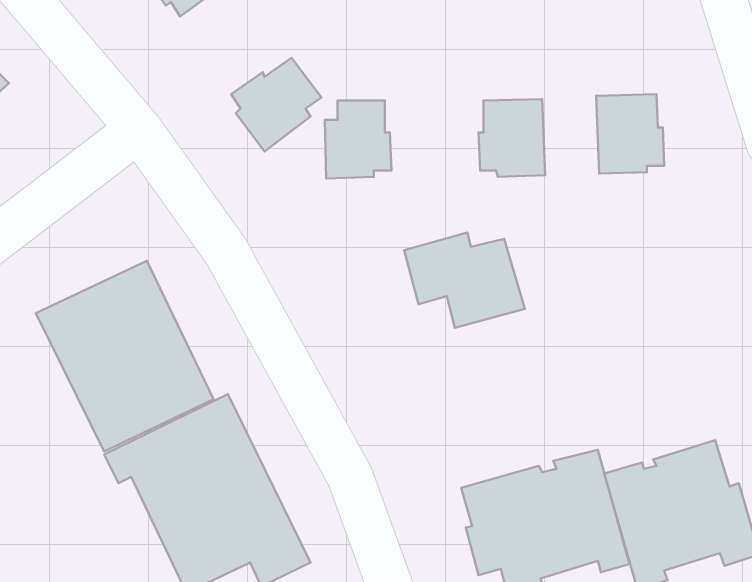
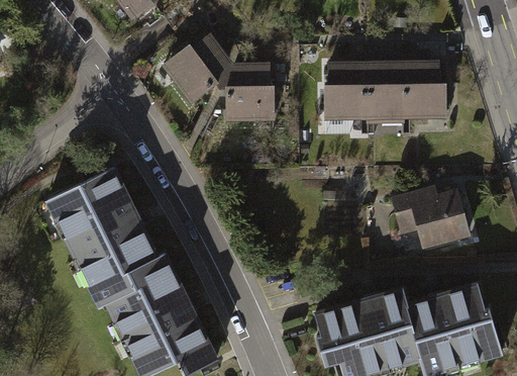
building: none -> [367,64,403,114]
building: [404,233,525,328] -> [391,186,468,247]

